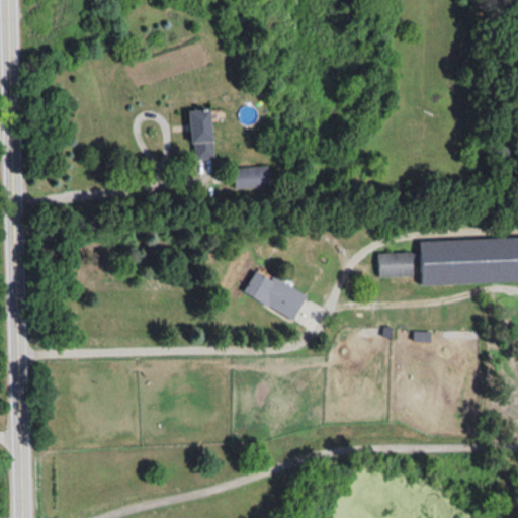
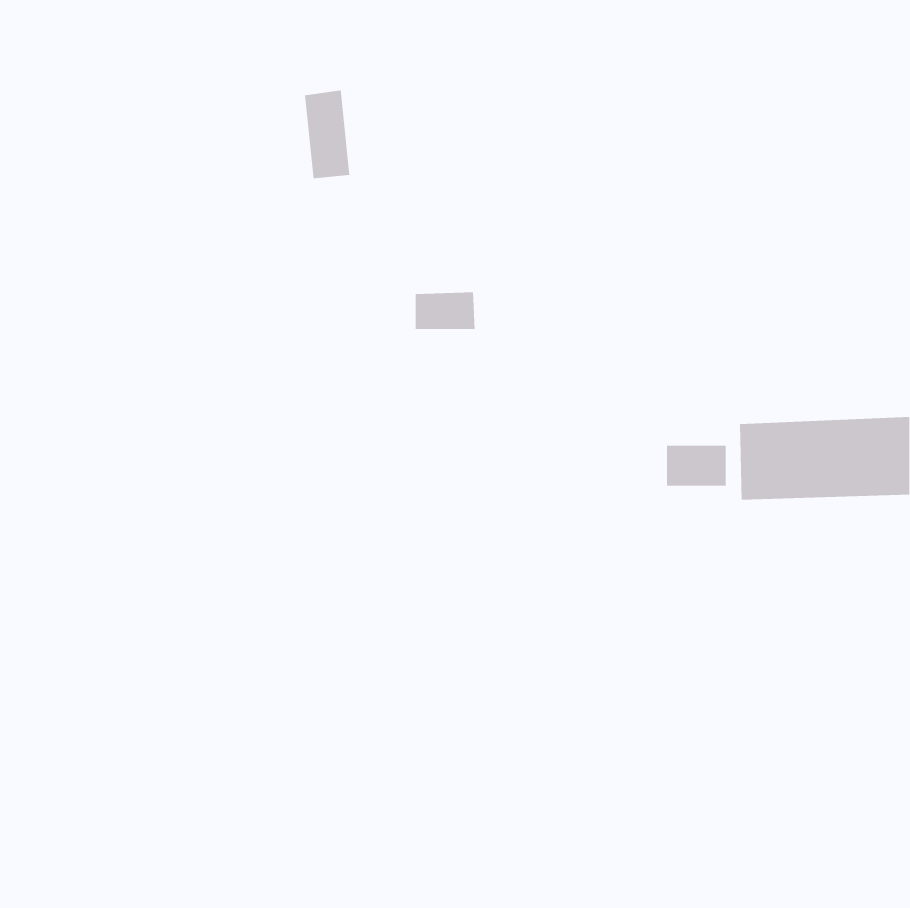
building: [190,109,217,160] -> [304,90,350,179]
building: [245,269,307,321] -> none

